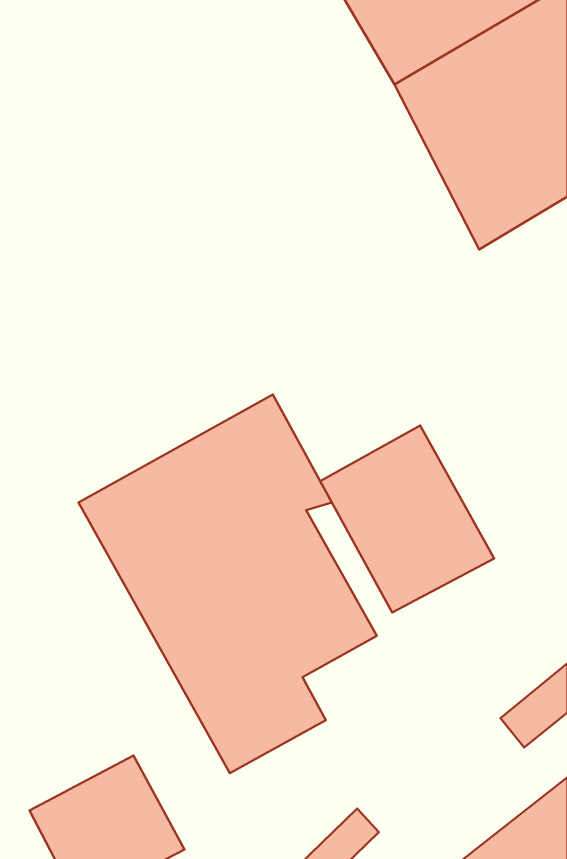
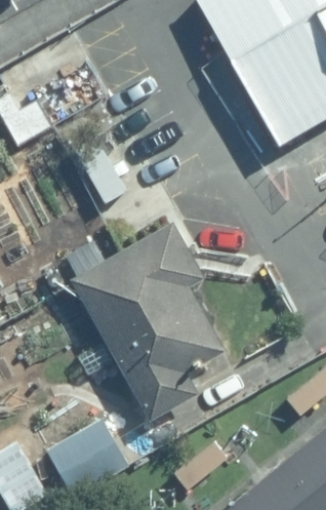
building: [320,426,494,612] -> none

